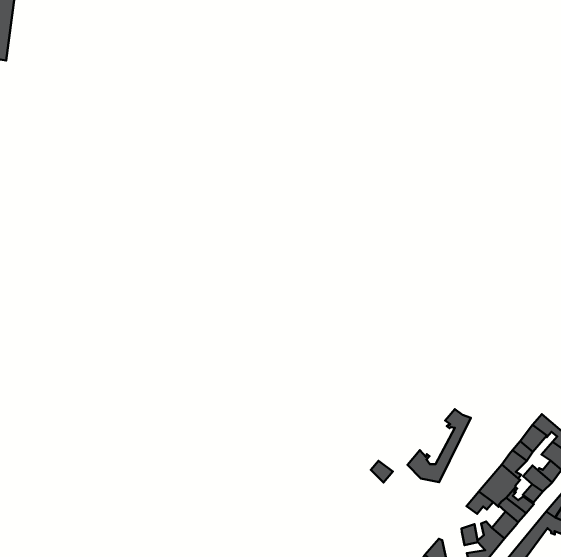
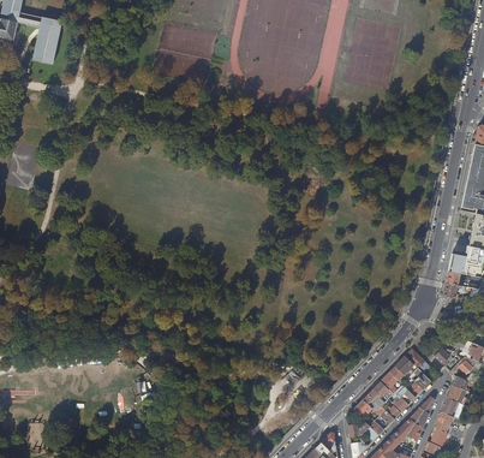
building: [407,409,471,482] -> none

